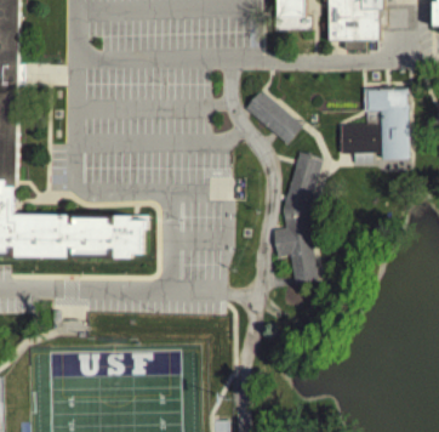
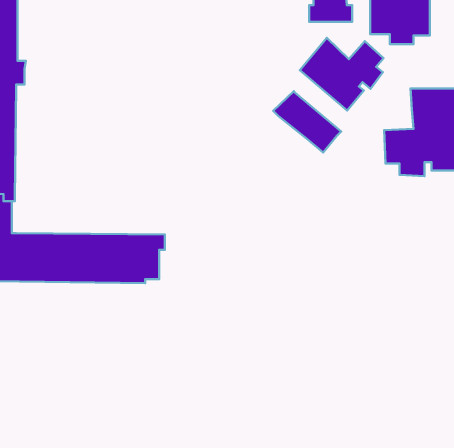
building: none -> [300,38,384,111]
building: [273,152,323,284] -> none

